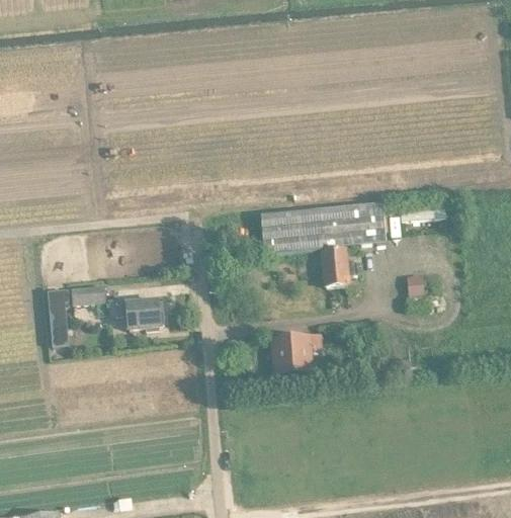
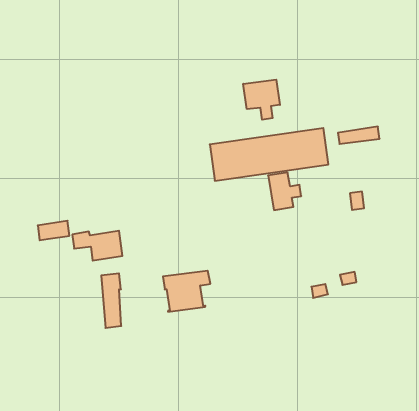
building: none -> [243,80,280,120]
building: [50,286,70,344] -> [101,273,121,328]
building: [269,333,320,374] -> [163,271,210,312]

